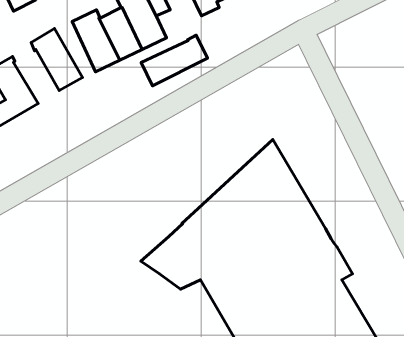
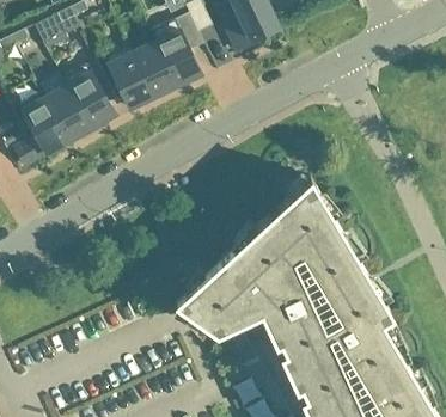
building: [141,35,207,86] -> none
building: none -> [44,85,91,140]

